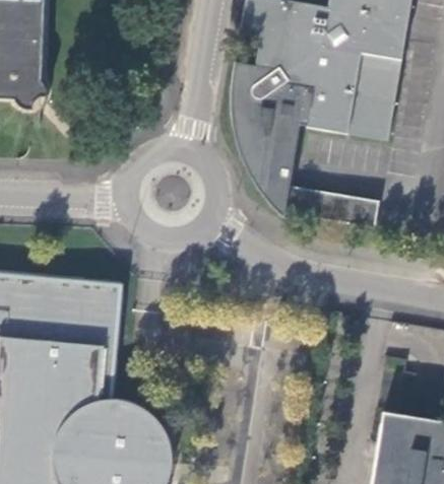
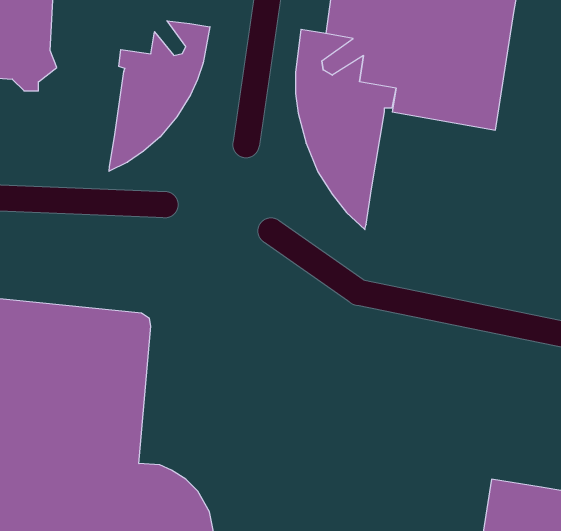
building: none -> [109,21,210,171]
building: [288,187,381,228] -> none

